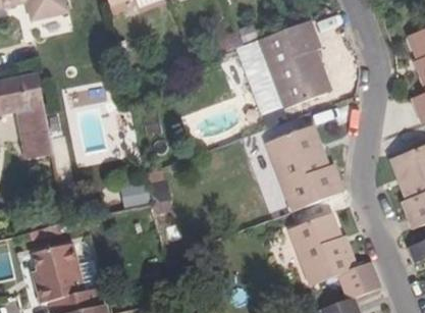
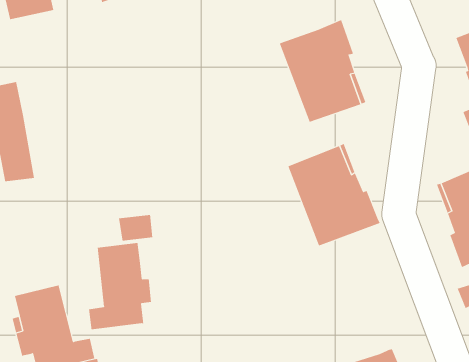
building: [236,40,283,114] -> none
building: none -> [88,242,151,330]
building: [287,212,380,301] -> none

